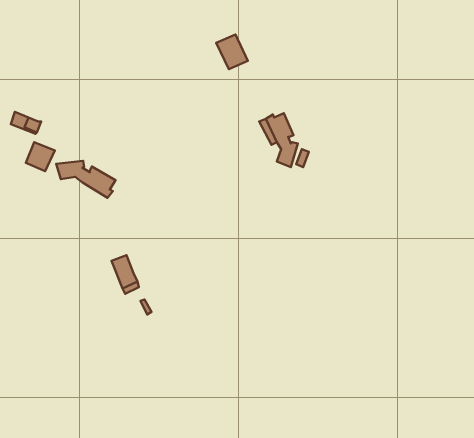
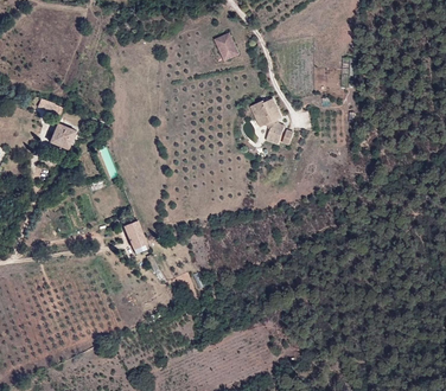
building: [56,161,116,198] -> none

